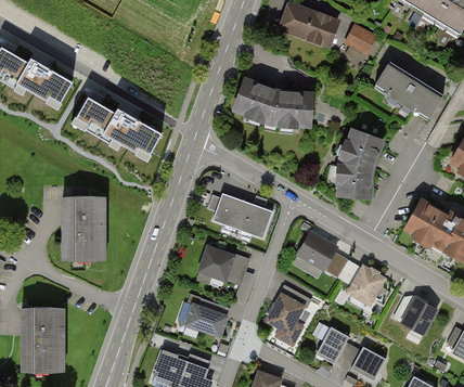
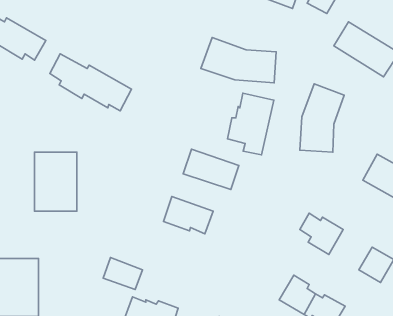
building: none -> [227,93,274,155]
building: [298,234,349,280] -> none
building: [263,286,311,346] -> none
building: [183,304,224,337] -> [103,257,142,289]

